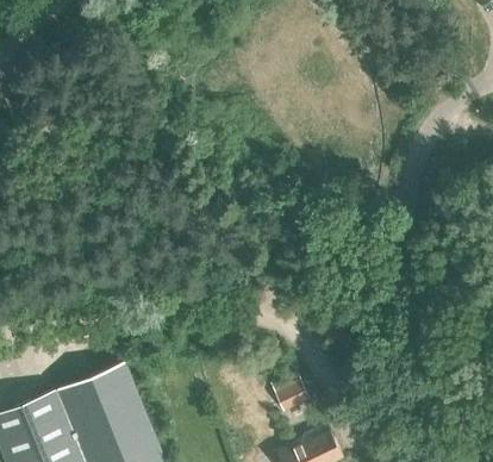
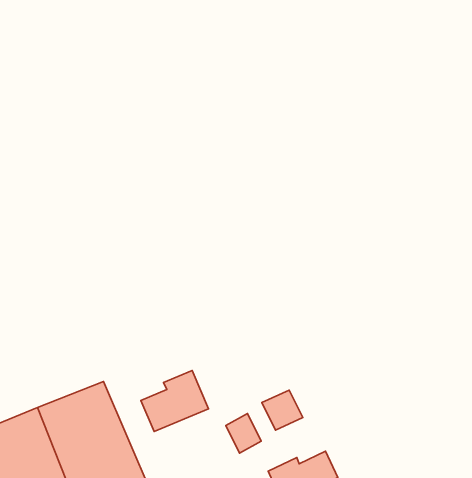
building: none -> [141,370,209,432]
building: none -> [226,413,261,453]

